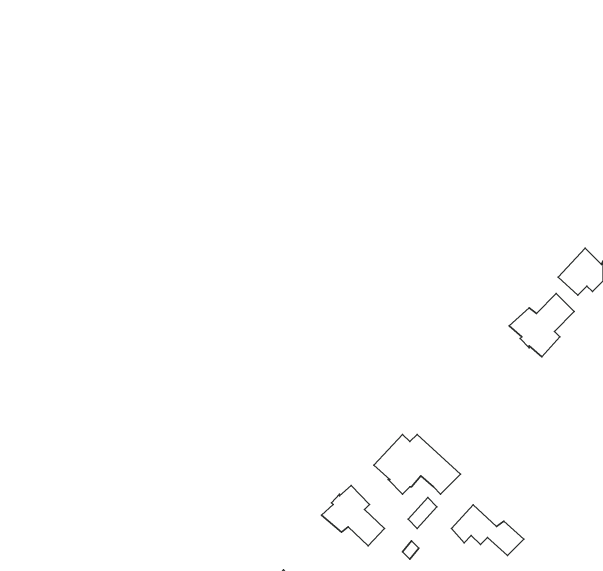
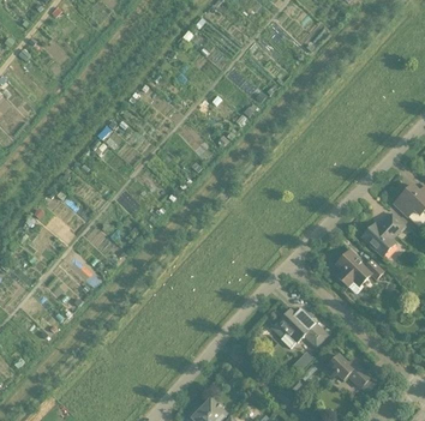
building: none -> [331,248,379,294]
building: [322,485,385,546] -> none

